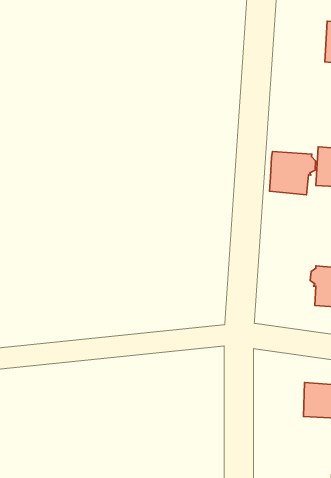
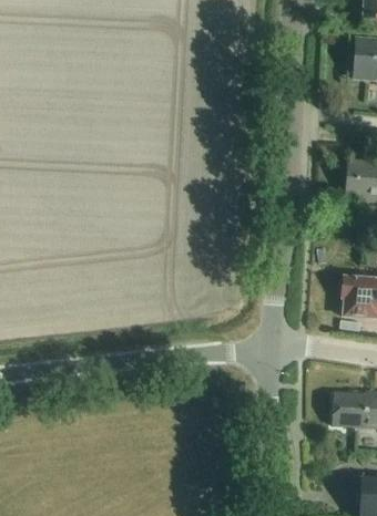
building: [269,151,316,195] -> none

